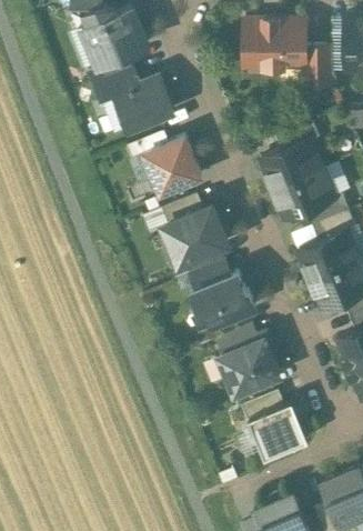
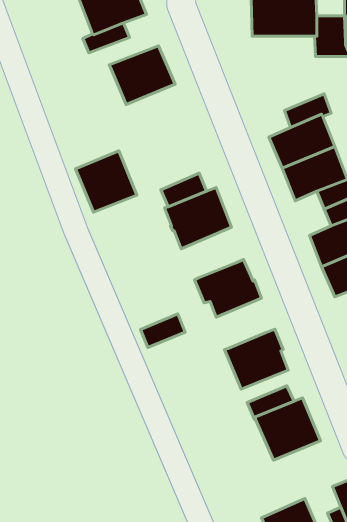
building: [94,69,139,101] -> none
building: [144,138,201,194] -> [76,151,137,212]
building: [190,261,230,291] -> none
building: [216,325,258,357] -> [141,314,185,348]

